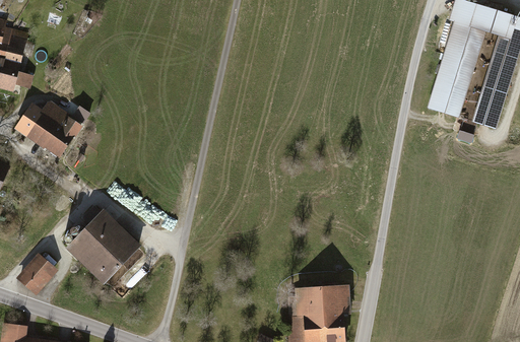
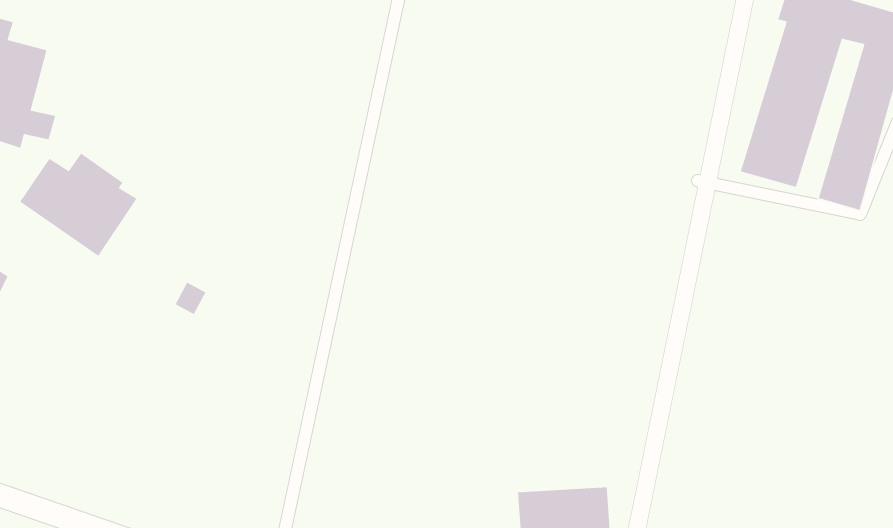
building: [67,212,142,286] -> none
building: [17,253,59,295] -> none

